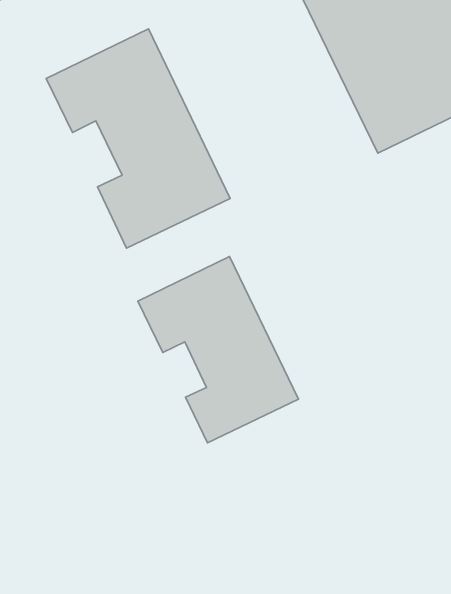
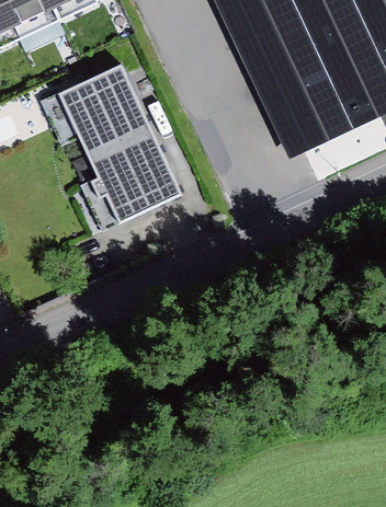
building: [138,257,298,443] -> none

